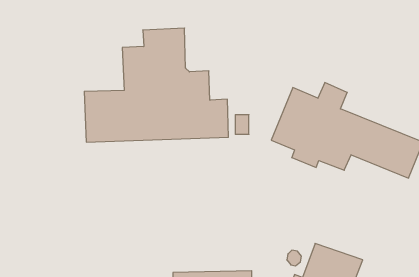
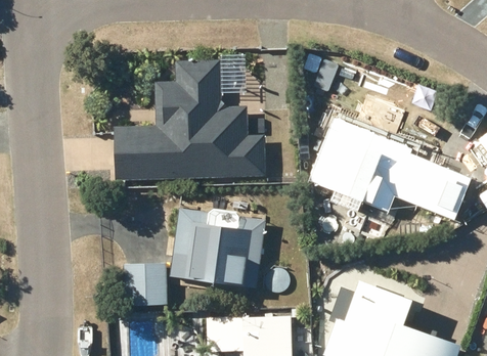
building: none -> [170,208,266,288]
building: none -> [124,262,167,305]

